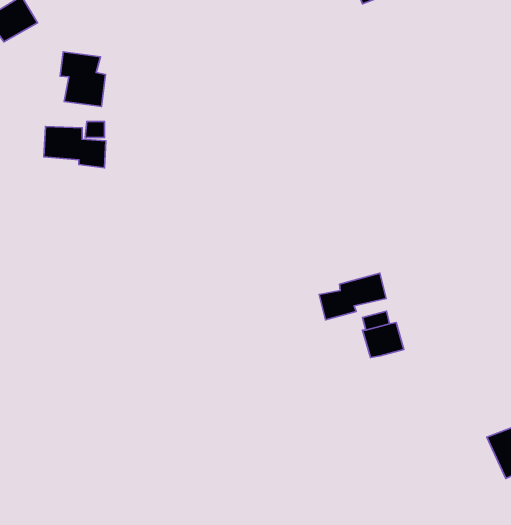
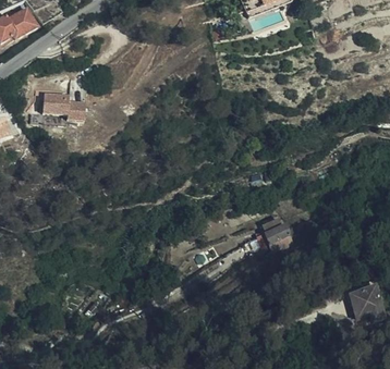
building: [60,52,106,107] -> none
building: [319,273,386,320] -> none

